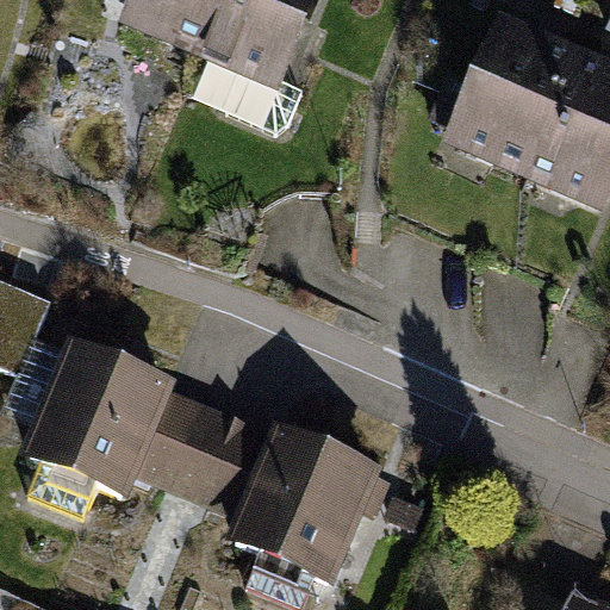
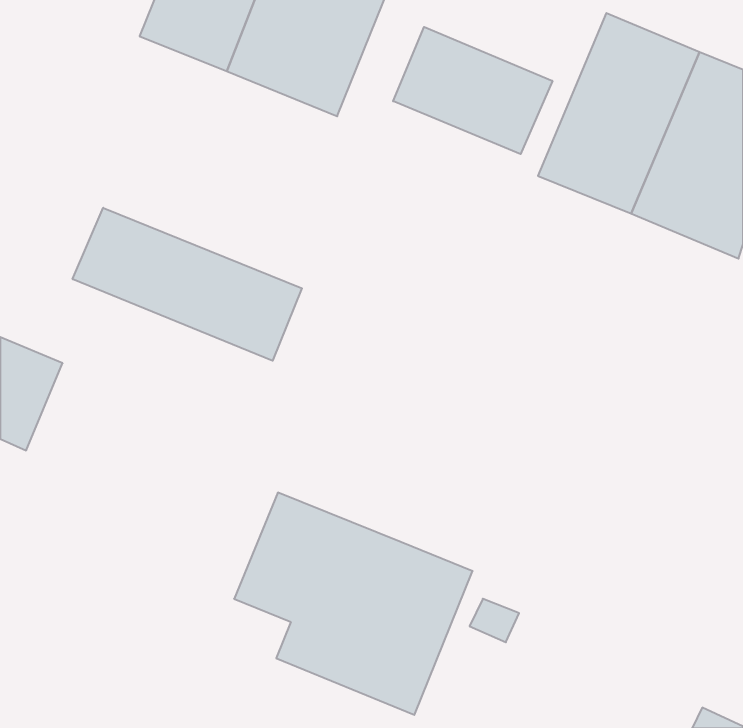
building: none -> [393,27,552,154]
building: none -> [73,208,302,361]
building: [24,341,228,502] -> none

